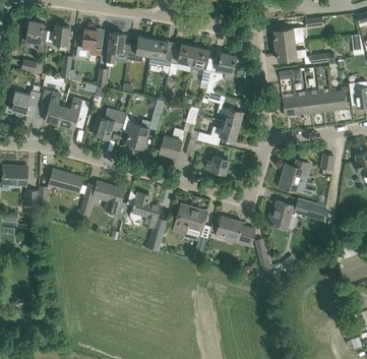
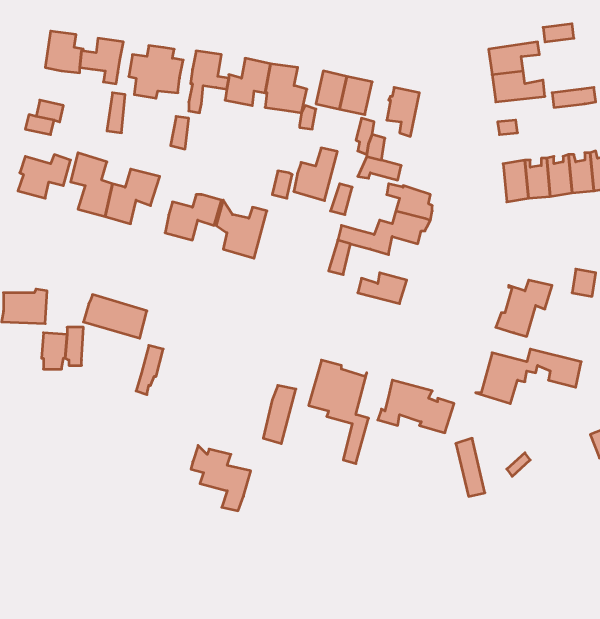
building: [160,128,184,158] -> [294,148,337,201]
building: [93,182,125,216] -> none
building: [127,191,161,228] -> [191,445,251,511]

